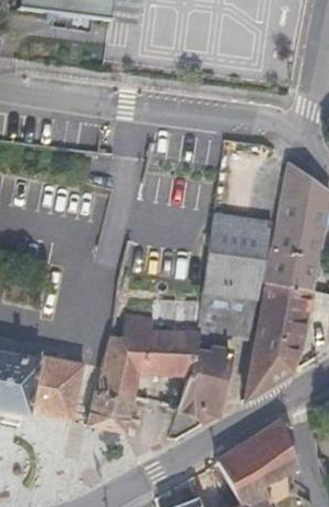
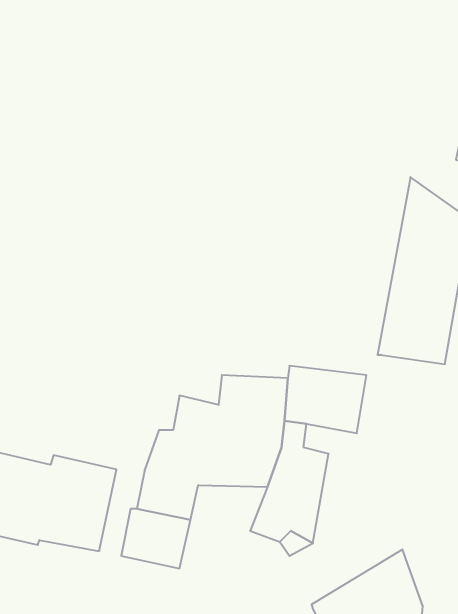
building: [204,214,272,298] -> none
building: [248,284,313,400] -> none

